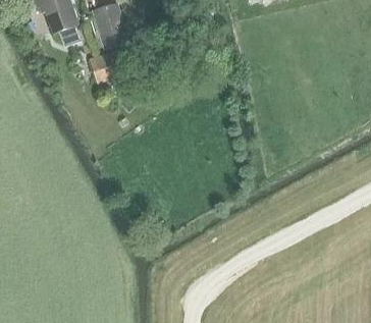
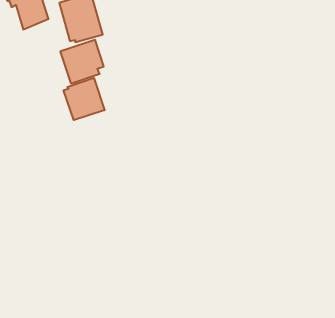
building: none -> [64,78,105,120]

